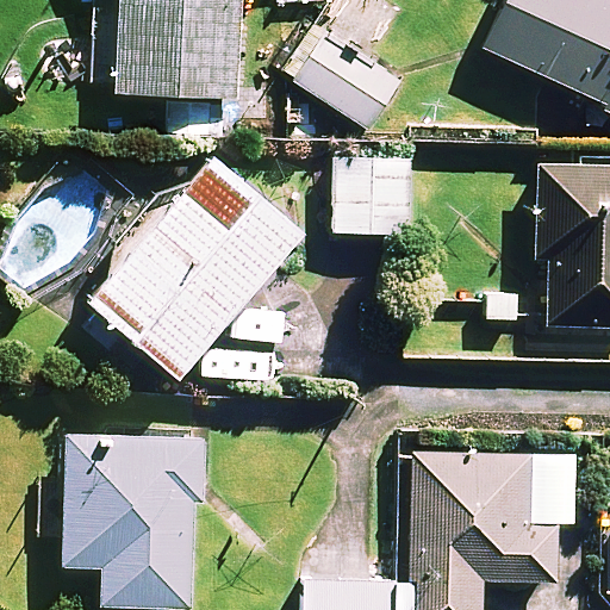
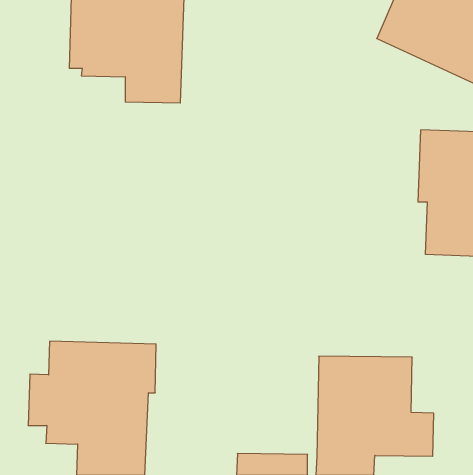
building: [292,32,400,129] -> none
building: [335,156,412,236] -> none
building: [87,161,300,381] -> none

